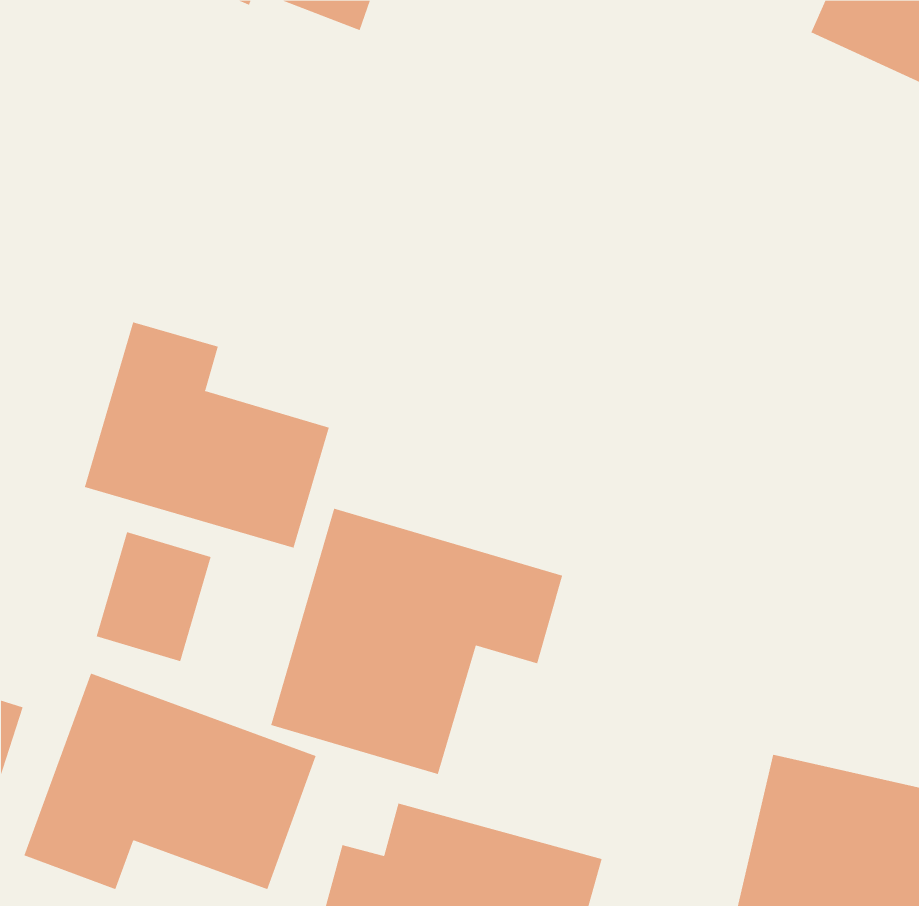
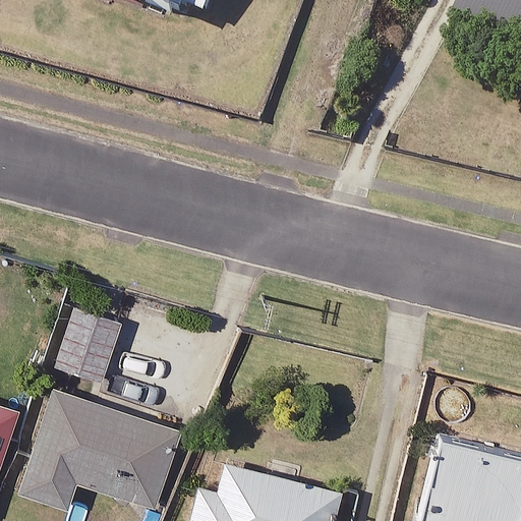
building: [84,321,330,549] -> none
building: [271,508,563,775] -> none

